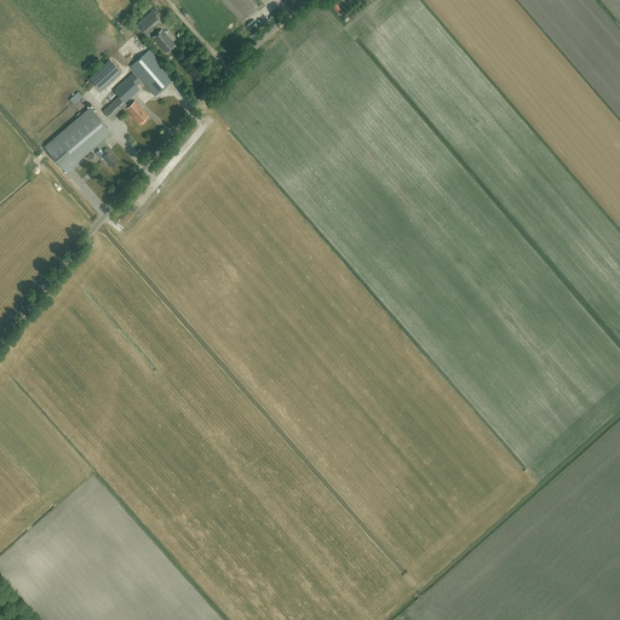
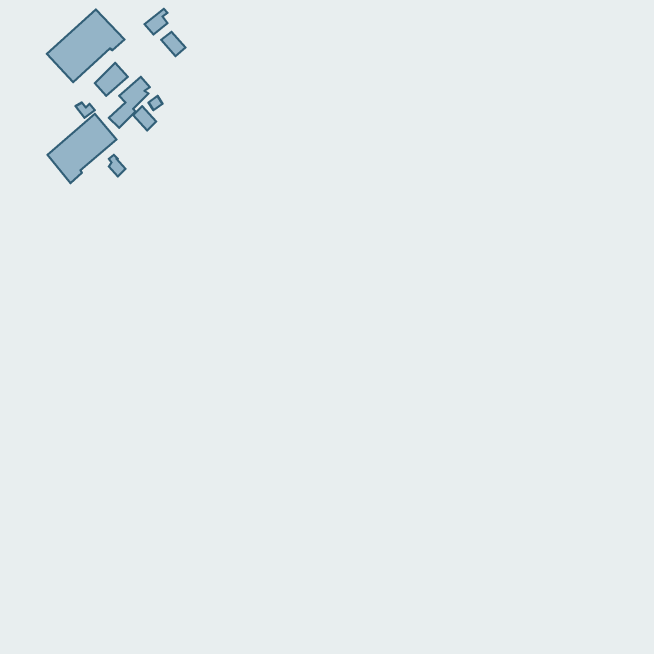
building: none -> [47,9,125,82]
building: [131,50,174,94] -> none

